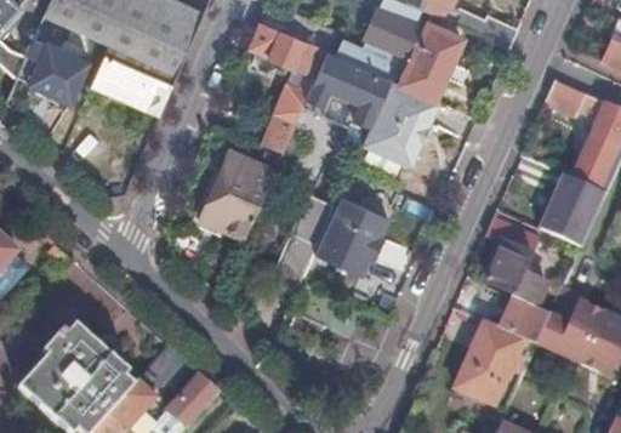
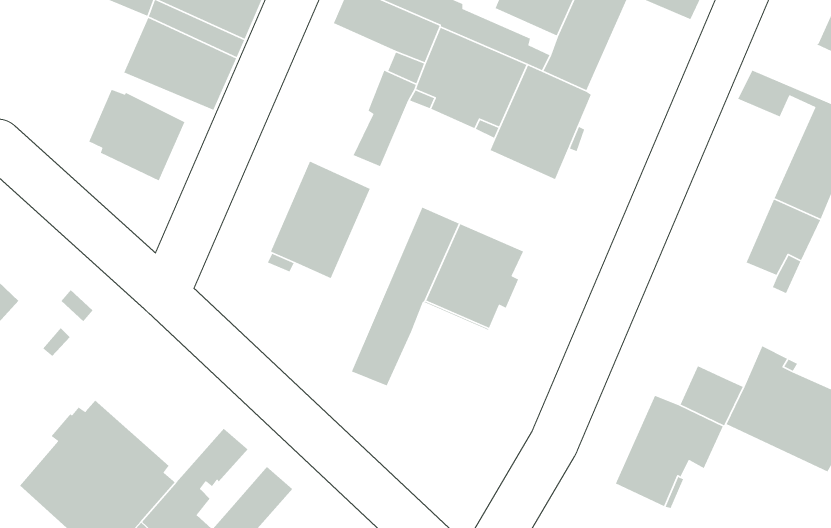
building: [18,36,90,104] -> [88,89,186,181]
building: [484,218,543,309] -> none

